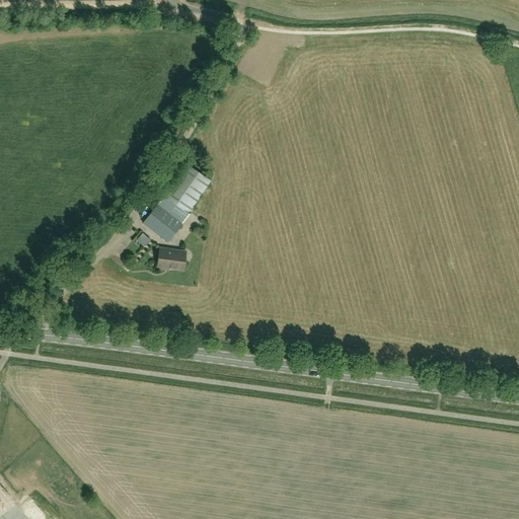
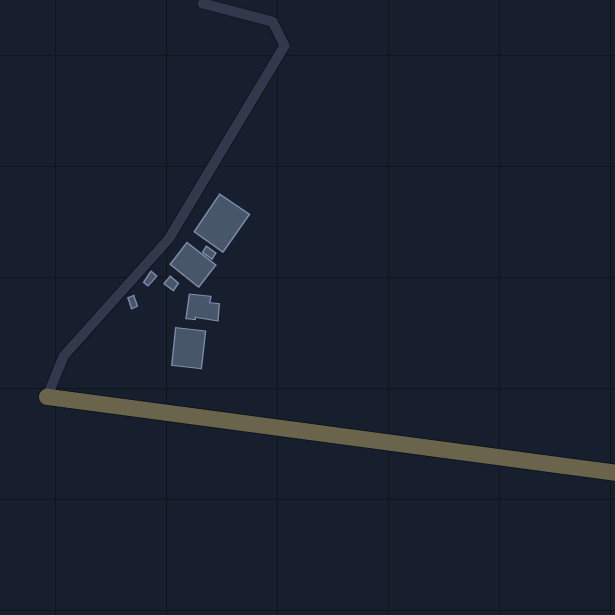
building: none -> [172,327,205,369]

